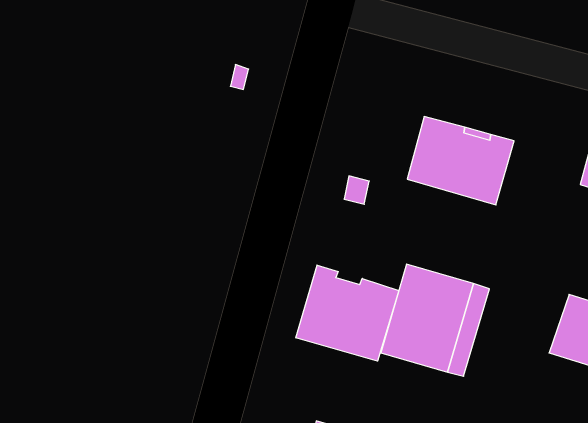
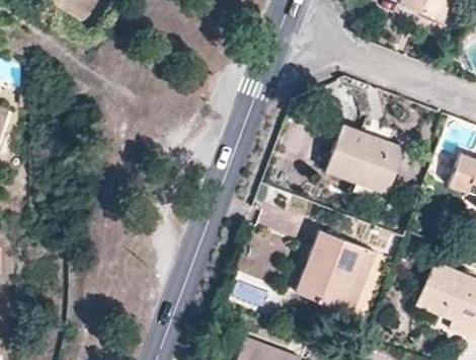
building: [296,265,399,361] -> none

